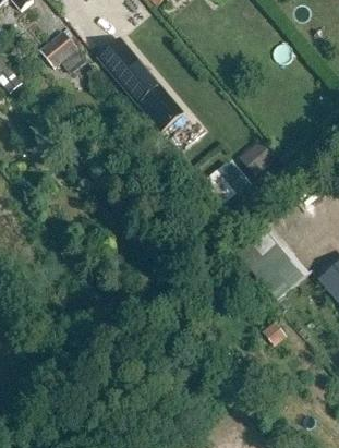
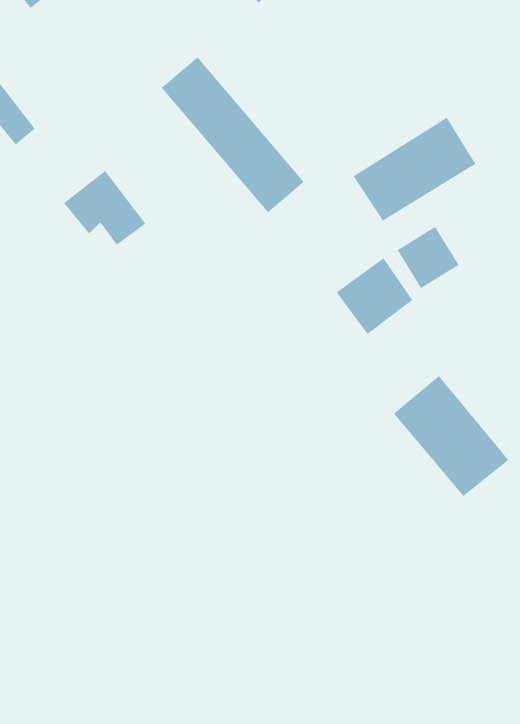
building: [39,26,88,71] -> [63,170,146,246]
building: none -> [353,117,476,222]

